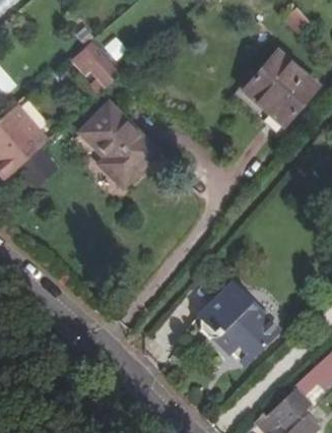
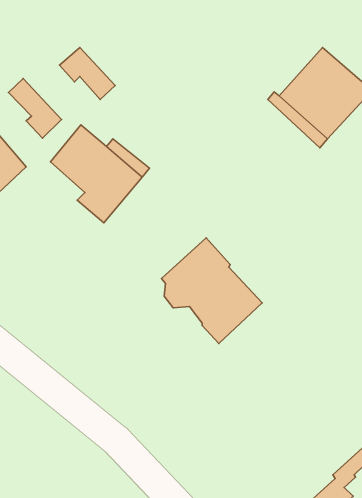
building: none -> [9,79,61,138]
building: [199,282,279,366] -> [162,238,262,343]

